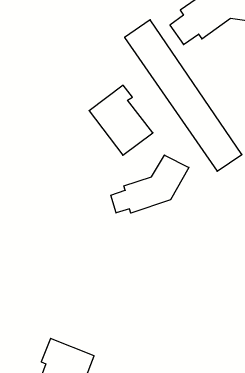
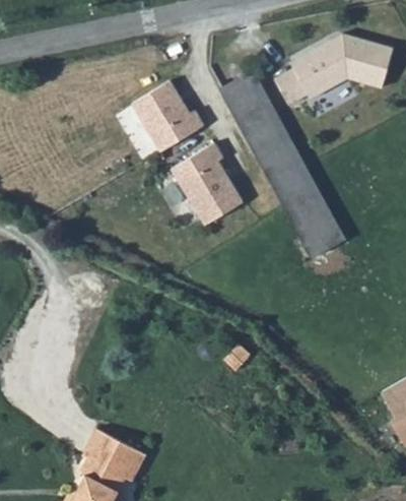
building: none -> [132,80,204,150]
building: [111,155,189,213] -> none

